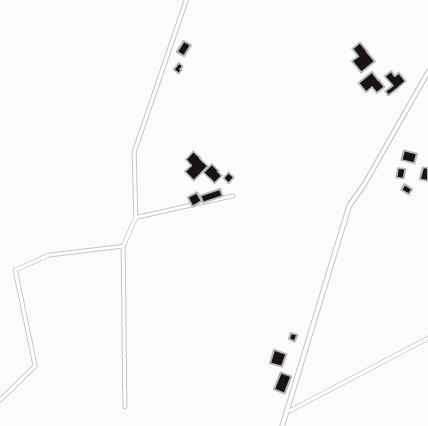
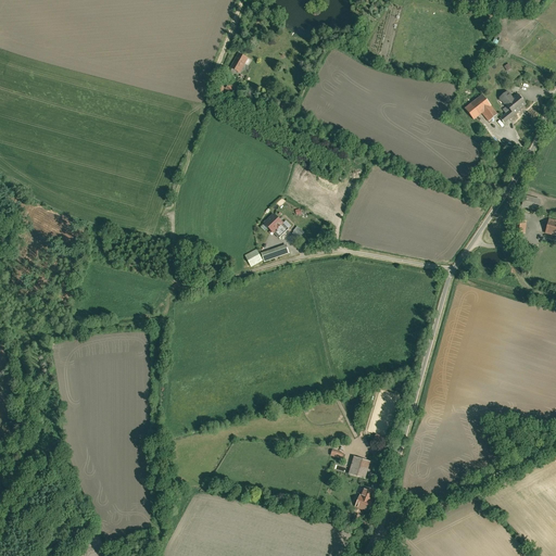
building: [352,43,375,73] -> none
building: [185,151,208,180] -> none

